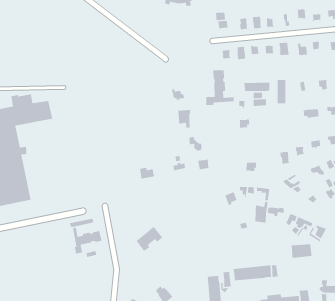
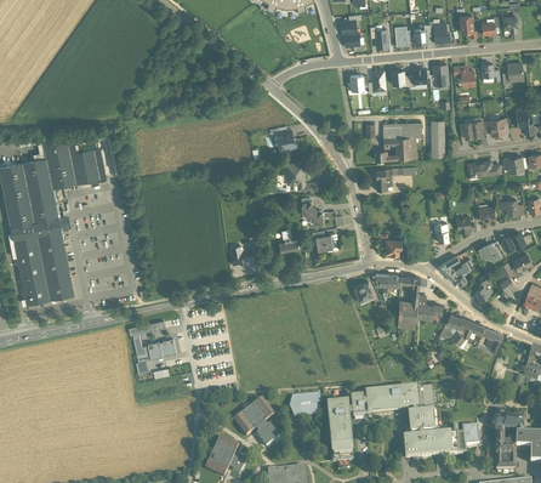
building: [205,69,235,106] -> none
building: [136,226,163,252] -> [233,398,273,436]
building: [291,244,313,259] -> [409,411,440,434]
building: none -> [289,394,319,416]

